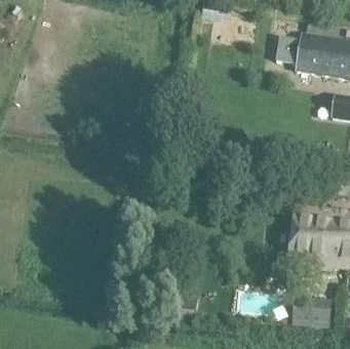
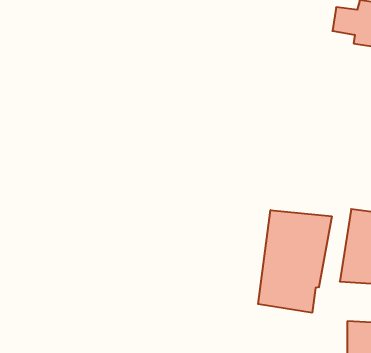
building: none -> [258,210,332,313]

